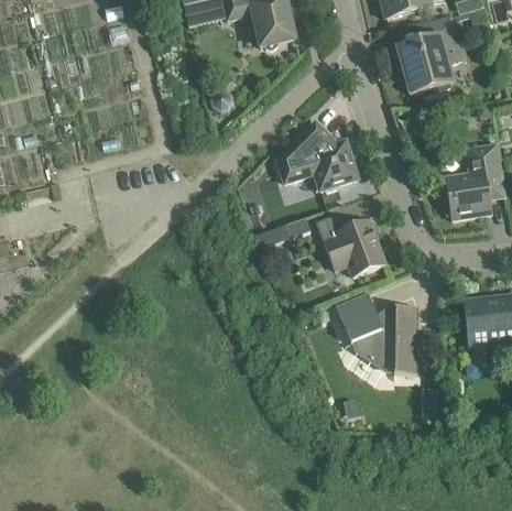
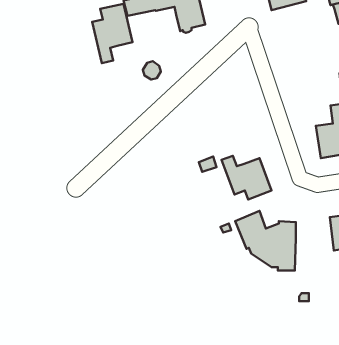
building: none -> [92,4,133,63]
building: [396,17,462,95] -> none
building: [277,123,357,192] -> none

